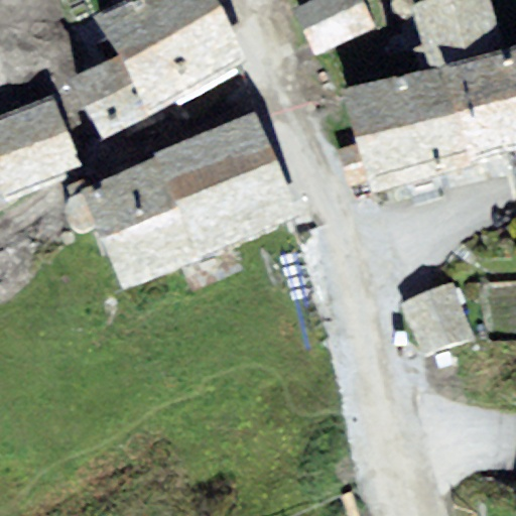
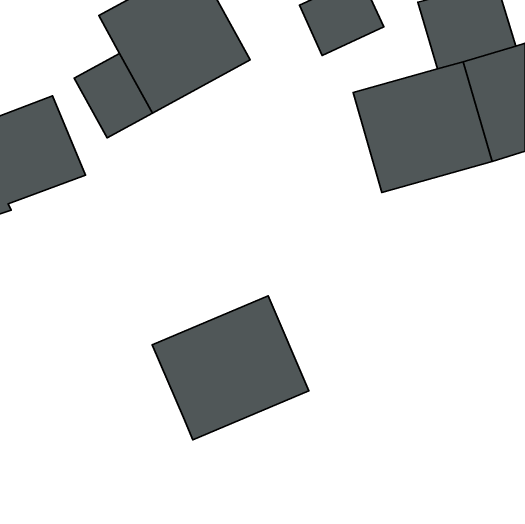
building: [84,110,299,289] -> none
building: [399,281,473,357] -> none
building: none -> [152,296,309,440]

